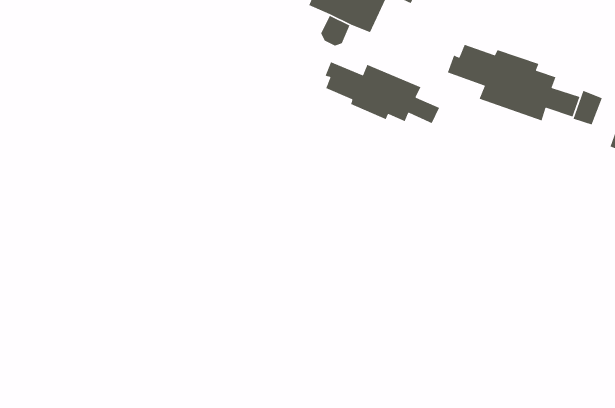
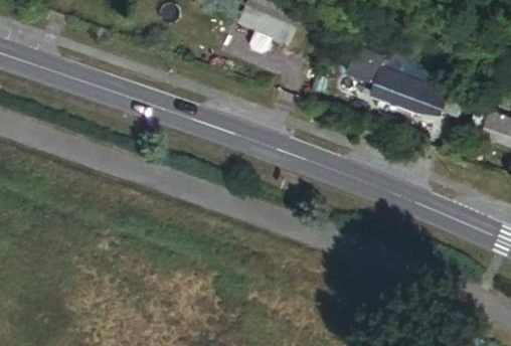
building: [324,61,440,124] -> none

